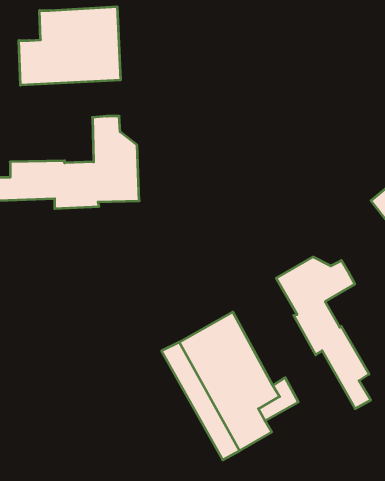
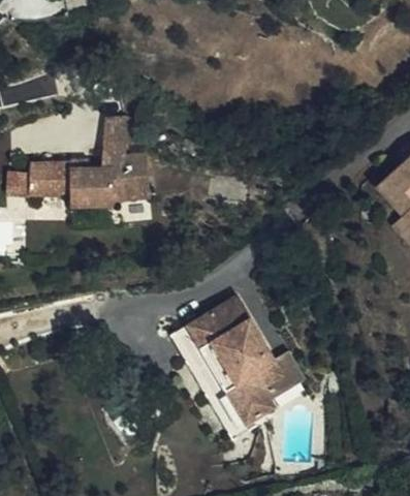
building: [19,7,120,85] -> none
building: [276,257,371,409] -> none

